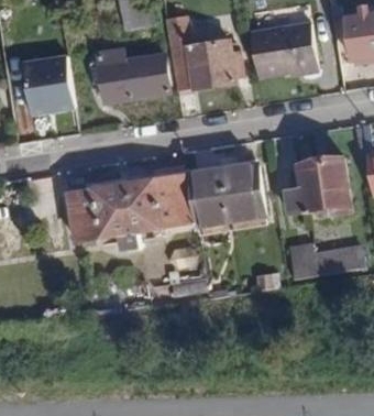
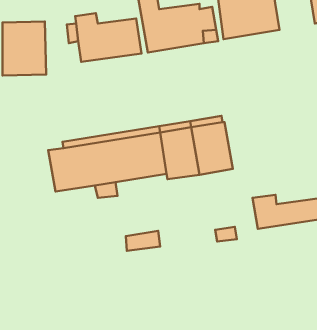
building: [288,160,351,215] -> none

